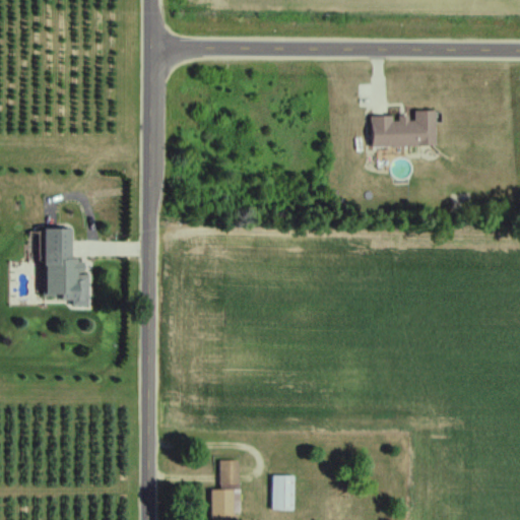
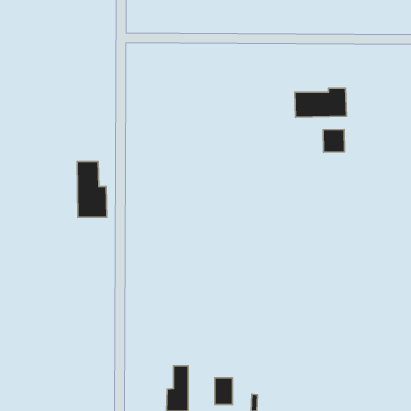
building: none -> [323,130,344,152]
building: [46,229,83,299] -> [77,162,107,217]

